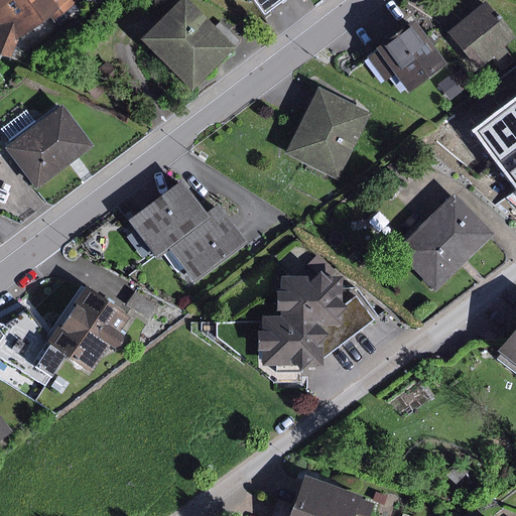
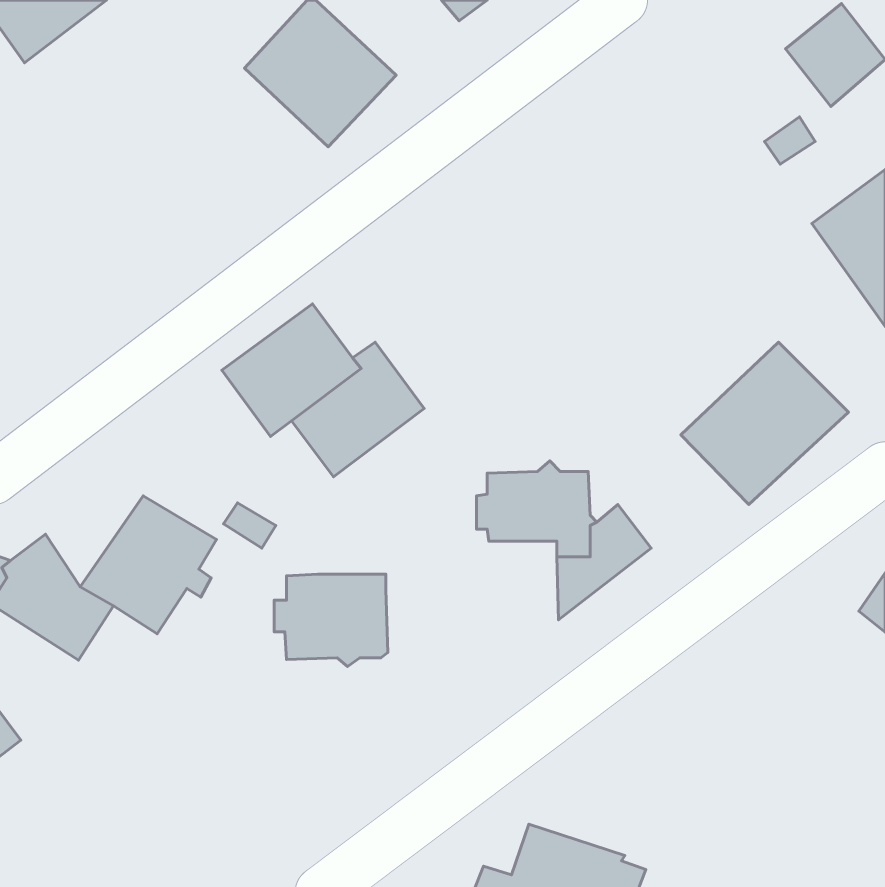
building: [369,22,442,89] -> none
building: [289,92,367,173] -> none
building: [4,106,92,184] -> none
building: [257,315,322,369] -> [274,574,388,667]

